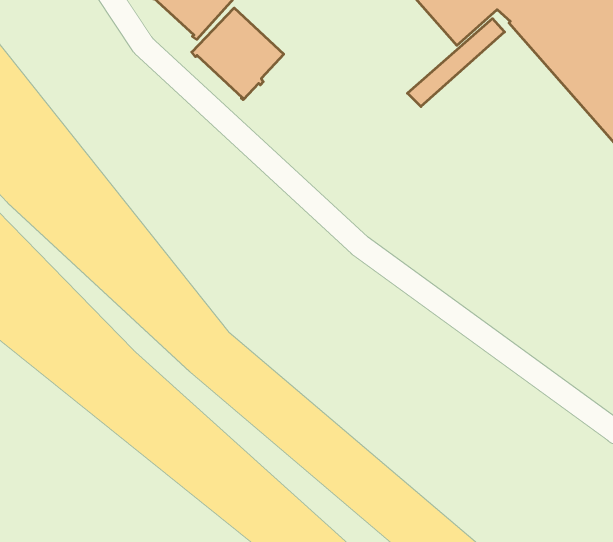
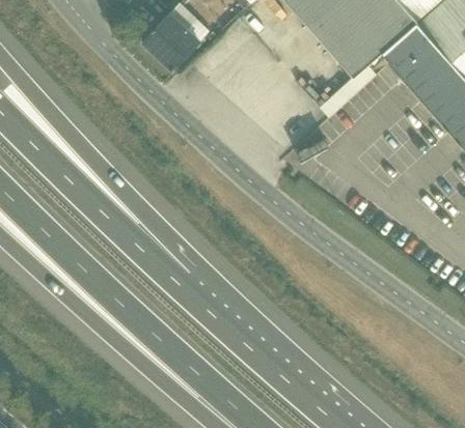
building: [192,8,284,100] -> none

